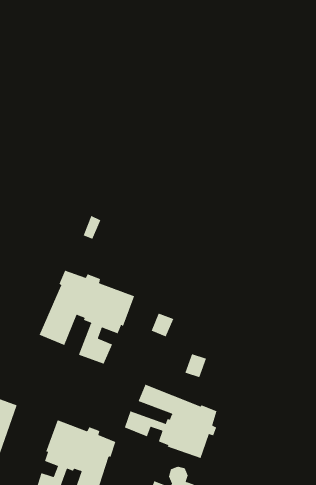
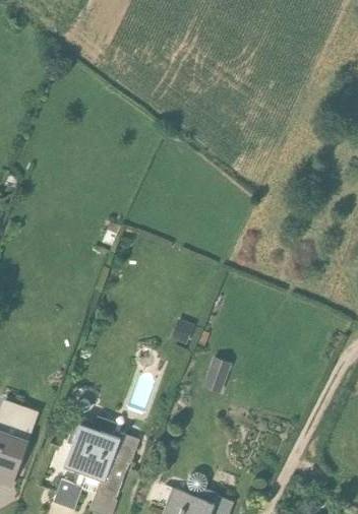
building: [39,270,135,365] -> none
building: [124,384,217,459] -> none

